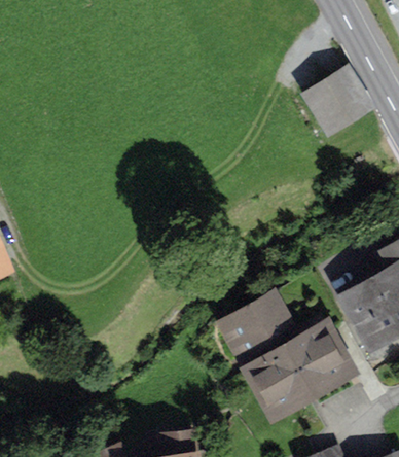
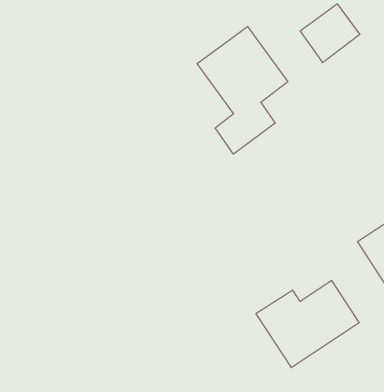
building: none -> [197,26,288,154]
building: [224,296,290,356] -> none

